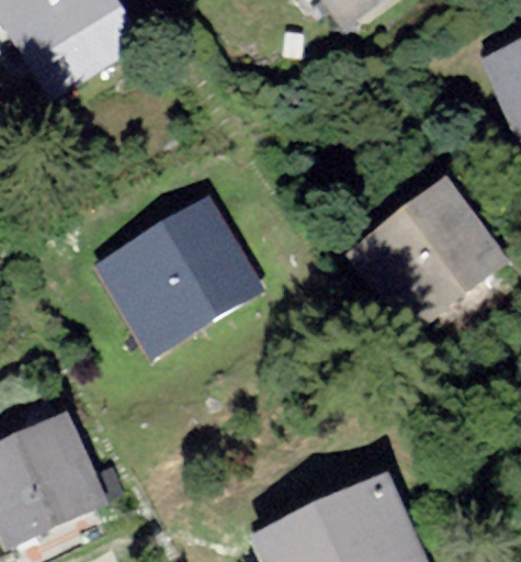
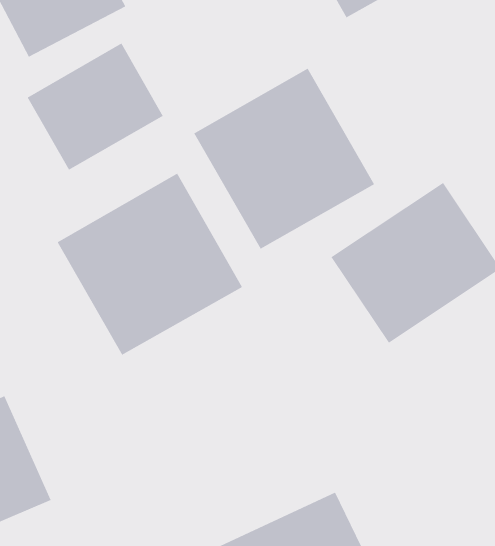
building: none -> [27,43,163,171]
building: none -> [194,68,375,250]

